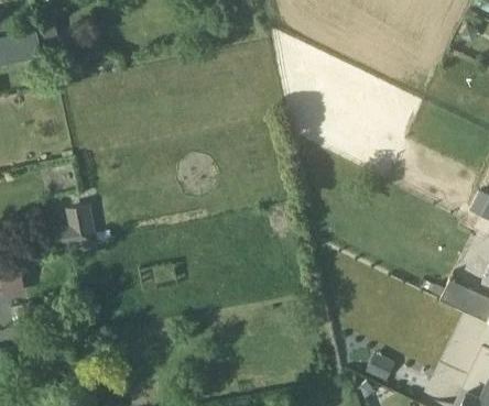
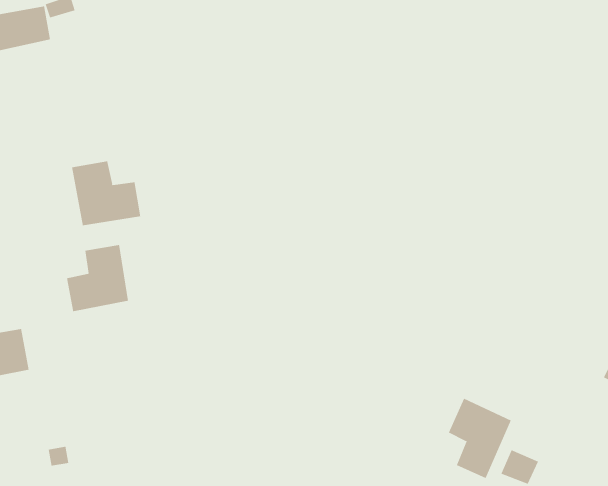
building: none -> [72,161,141,226]
building: none -> [448,398,511,479]

